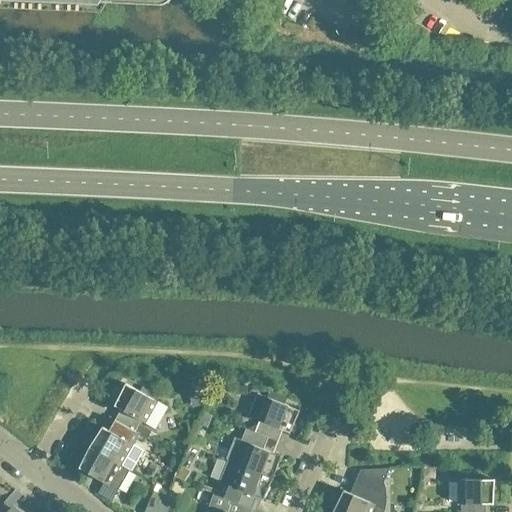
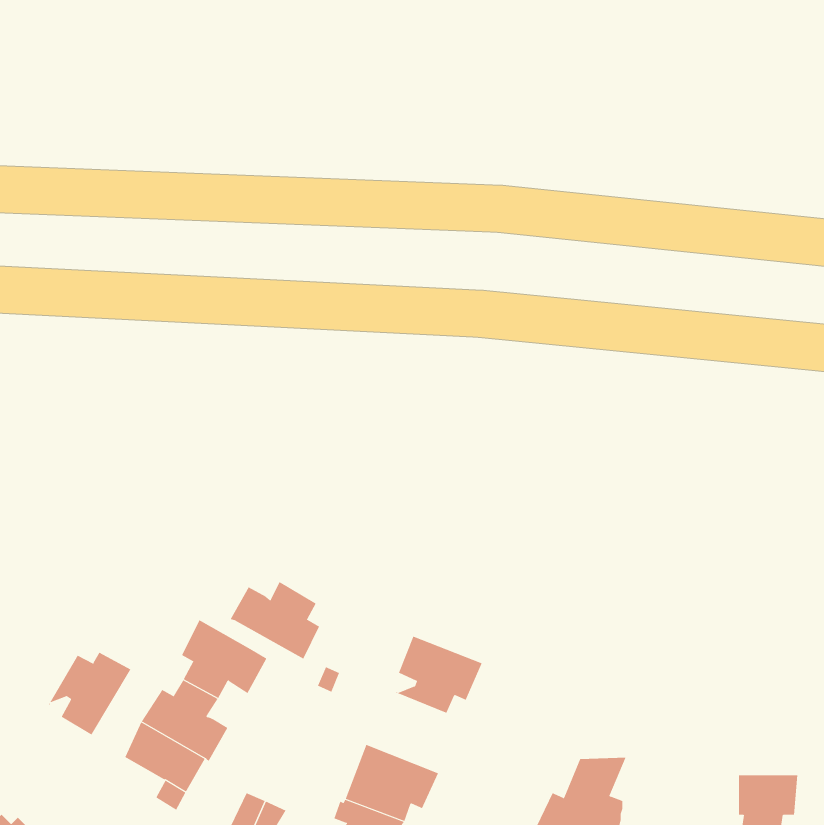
building: none -> [230,581,320,660]
building: none -> [48,652,131,736]
building: [223,429,279,479] -> none

